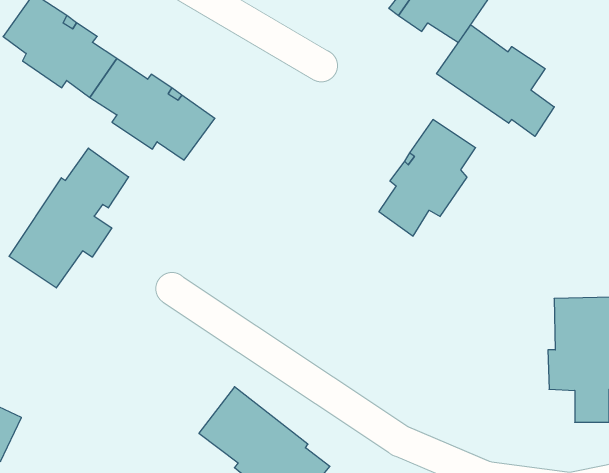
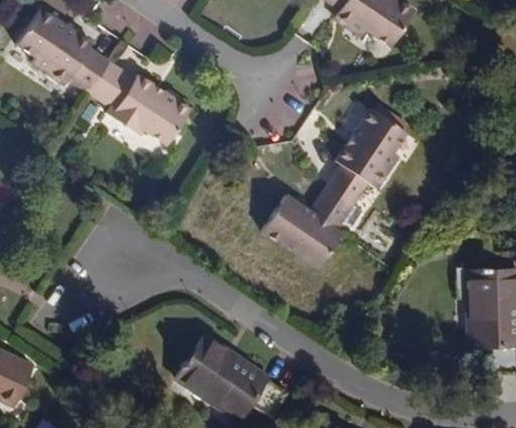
building: [437,25,554,136] -> none
building: [9,148,129,288] -> none
building: none -> [260,187,354,271]

